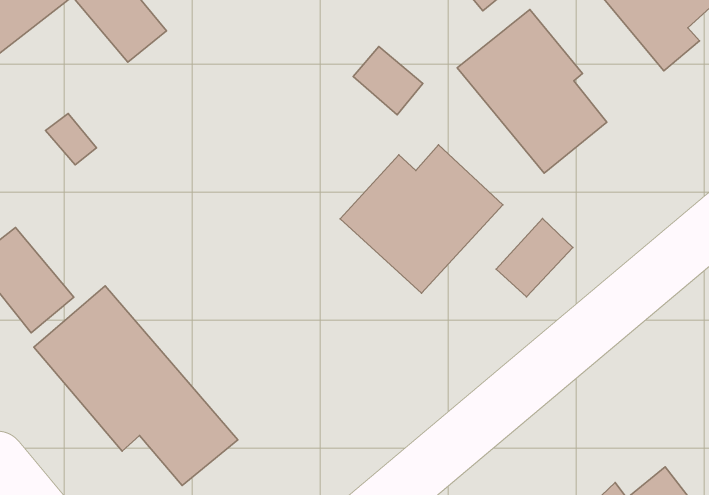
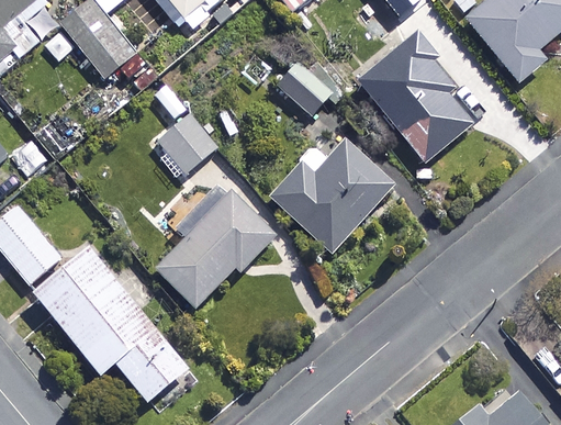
building: none -> [158,113,220,174]
building: none -> [155,188,276,306]
building: [496,219,573,297] -> none

